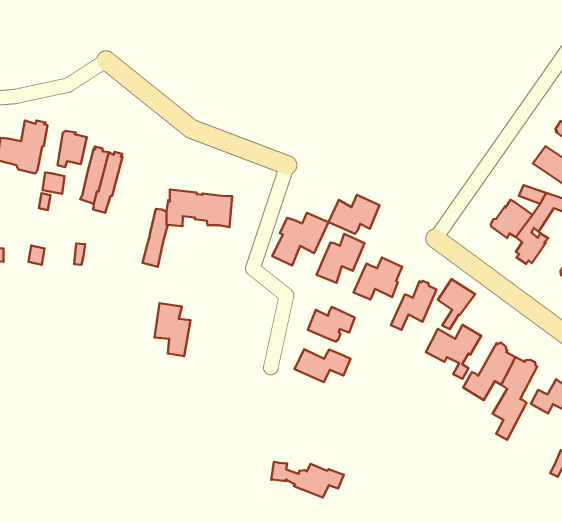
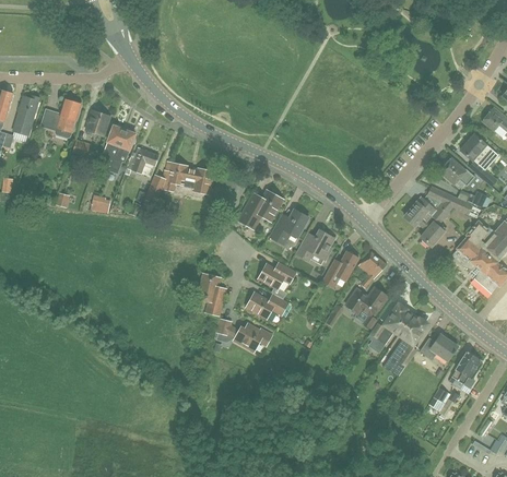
building: none -> [125,147,158,176]
building: [328,195,379,234] -> none
building: [154,303,191,356] -> [198,273,226,314]
building: [271,462,344,498] -> [217,319,272,349]

